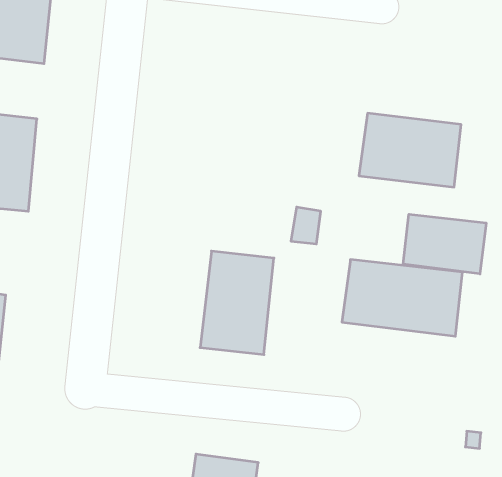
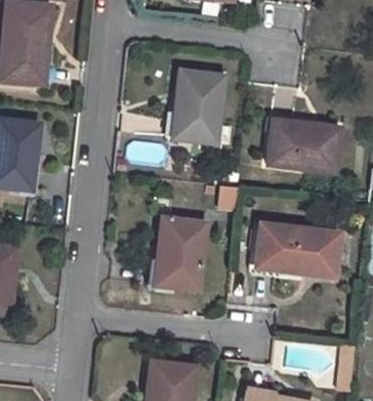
building: none -> [172,69,224,142]
building: [403,214,486,274] -> none

